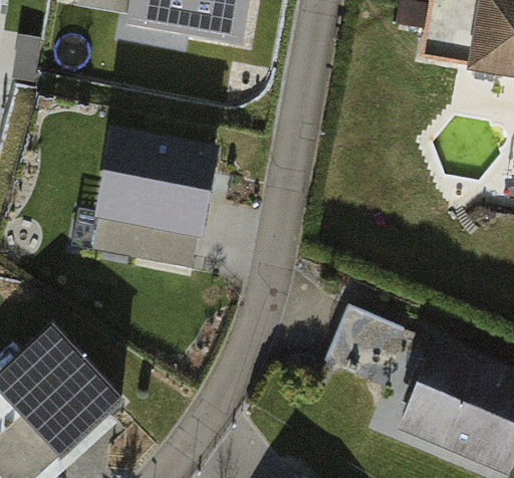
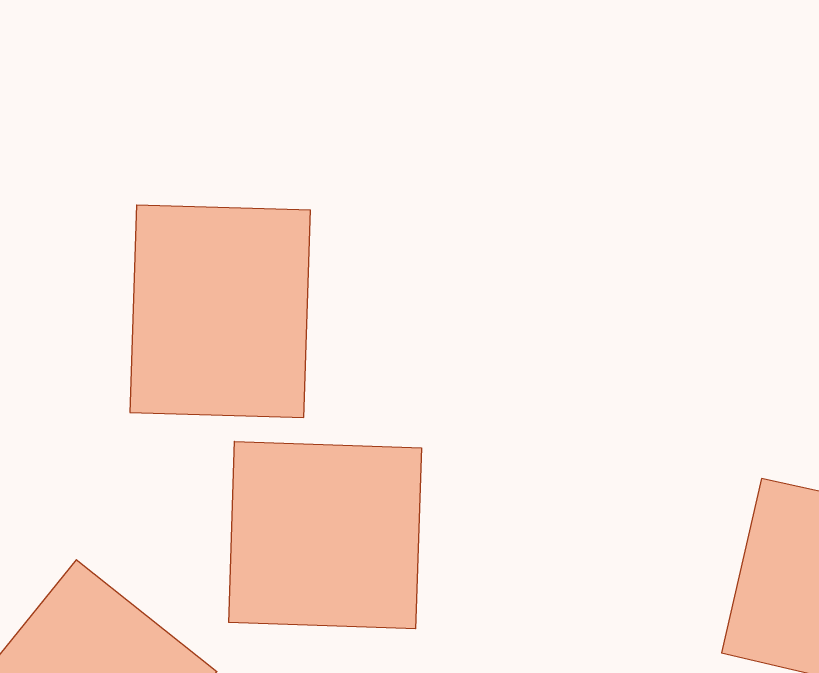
building: none -> [229,441,421,629]
building: [338,311,423,394] -> none

